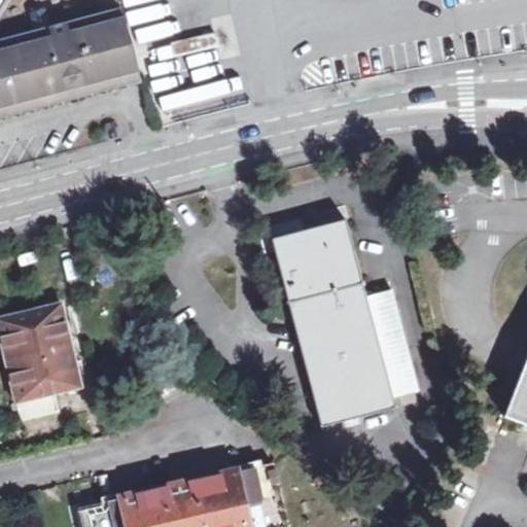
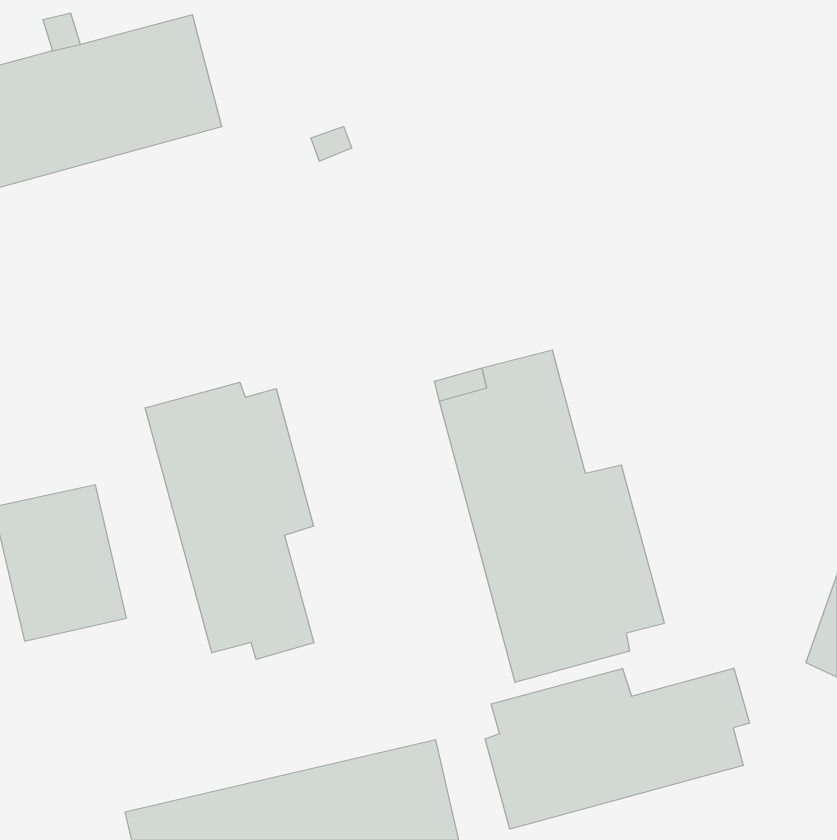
building: none -> [145,382,314,659]
building: none -> [485,668,750,829]

